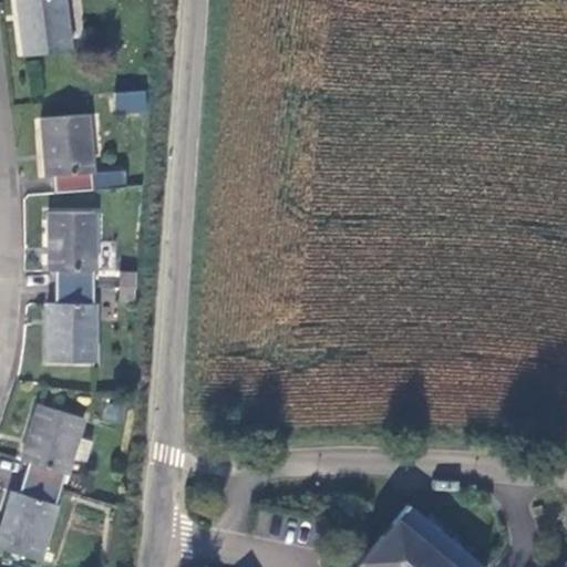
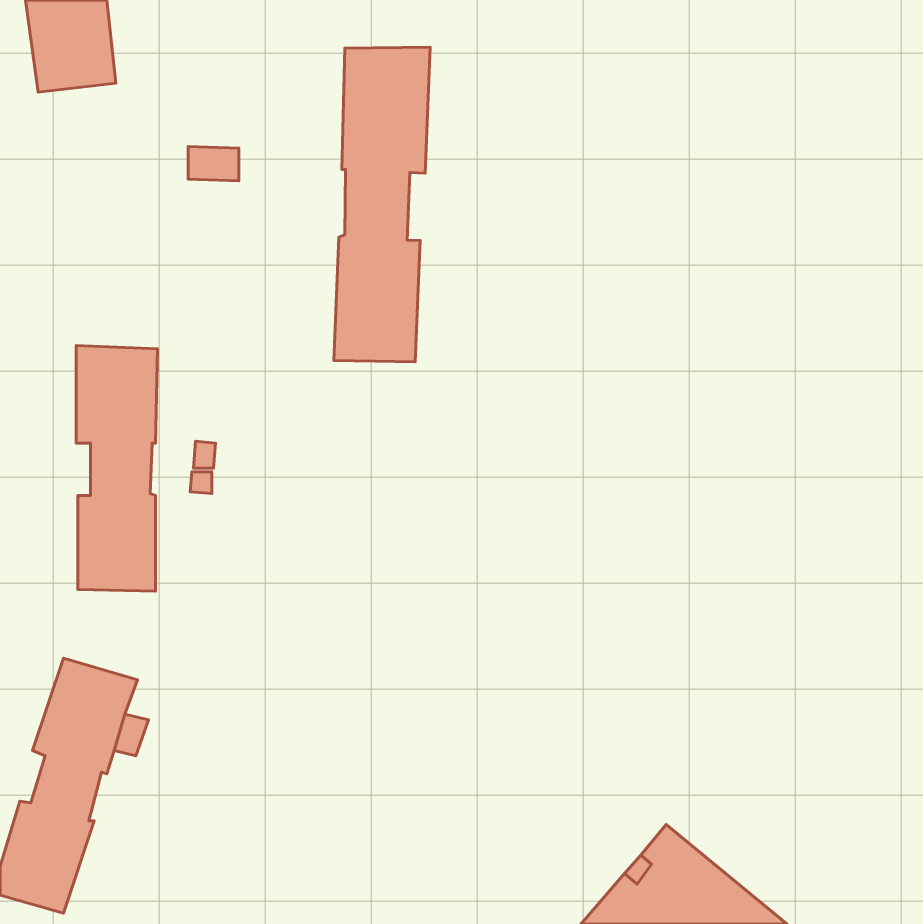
building: none -> [334,47,430,362]
building: [41,113,95,193] -> none

